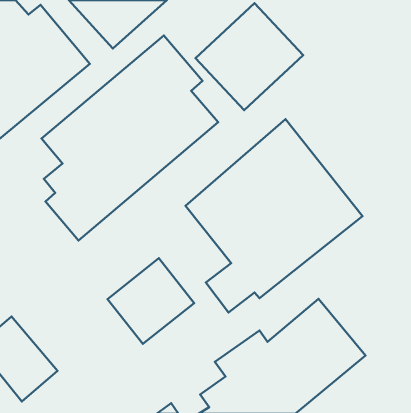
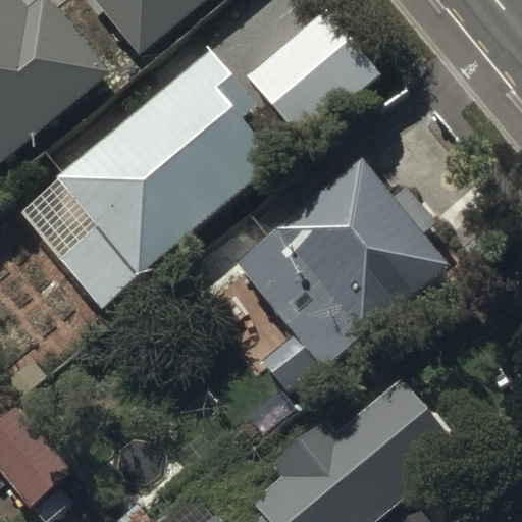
building: [108,258,194,344] -> none

